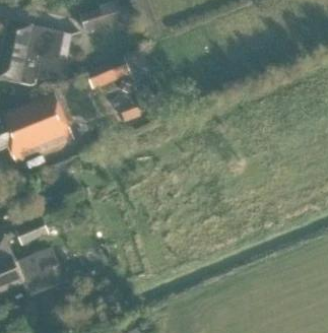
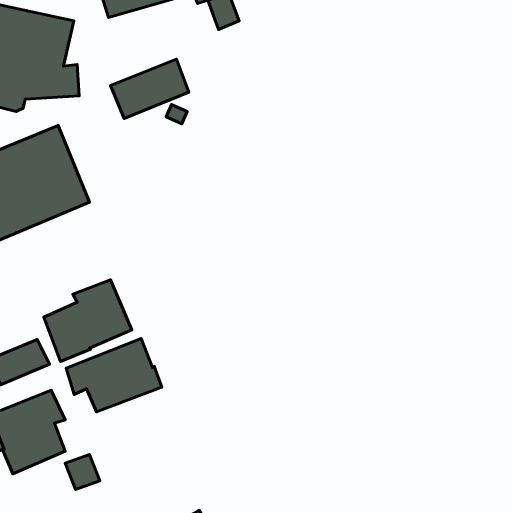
building: none -> [44,280,132,361]
building: none -> [66,338,162,412]

